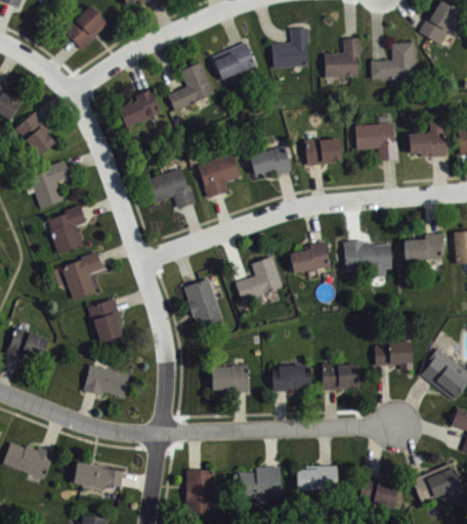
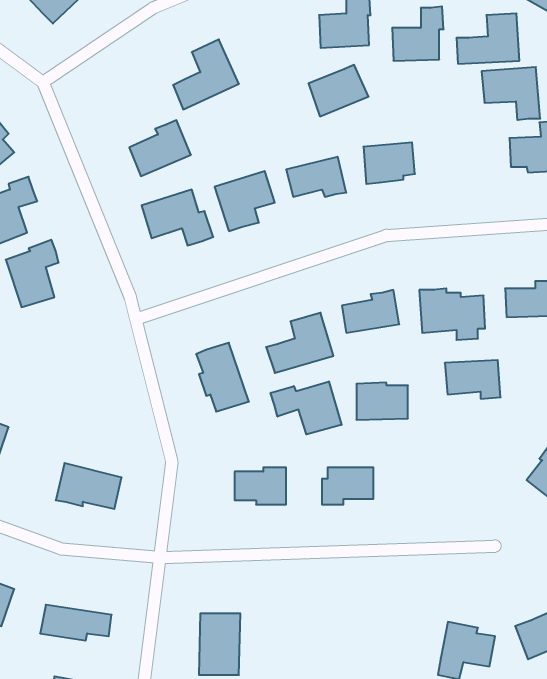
building: [212,42,255,79] -> [308,65,369,116]
building: [117,89,161,129] -> [129,120,191,176]
building: [354,122,396,160] -> [482,67,540,120]
building: [60,250,102,298] -> none
building: [87,298,122,343] -> none
building: none -> [271,381,342,434]
building: [374,343,414,370] -> [445,360,501,399]
building: [323,364,359,391] -> [356,383,408,420]
building: [296,467,337,493] -> none
building: [239,468,280,505] -> none

